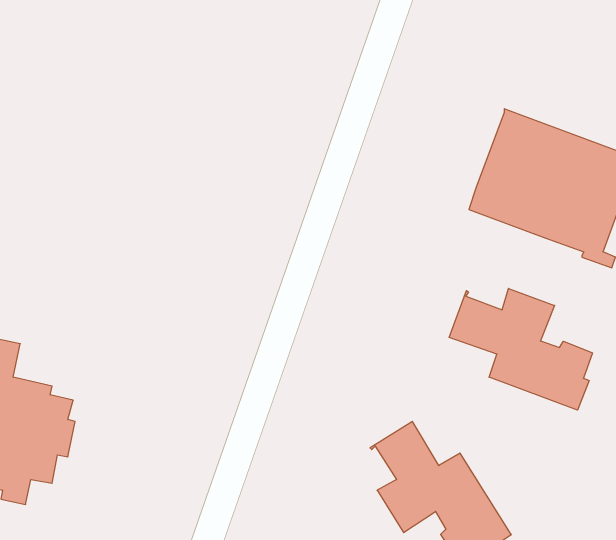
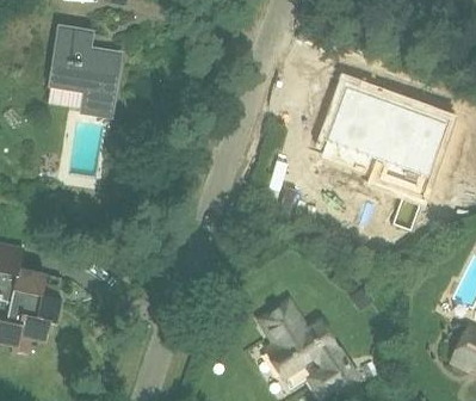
building: none -> [49,26,118,115]
building: [449,288,593,410] -> none

